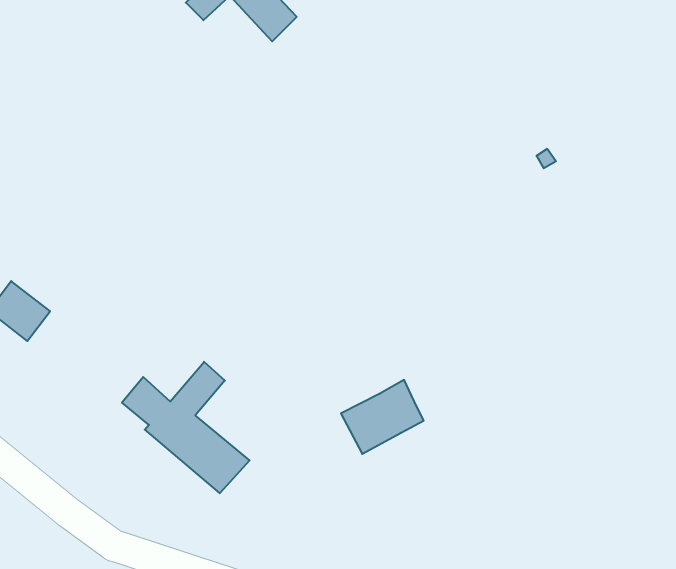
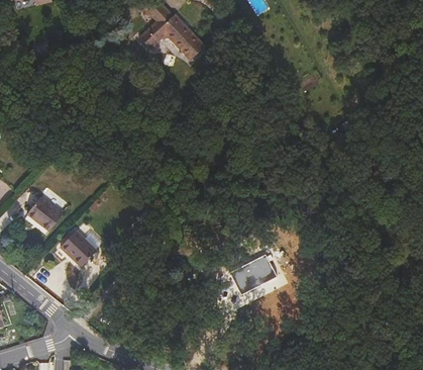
building: none -> [61,232,97,267]
building: [122,362,250,493] -> none

